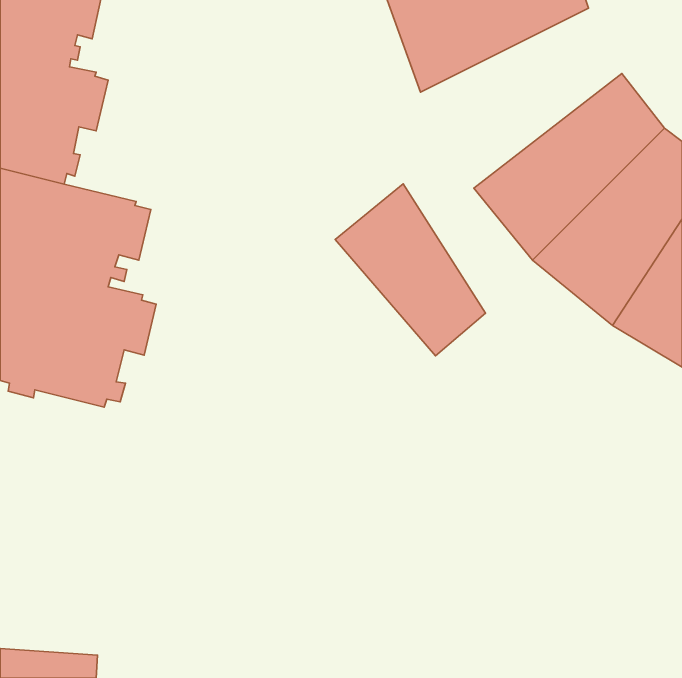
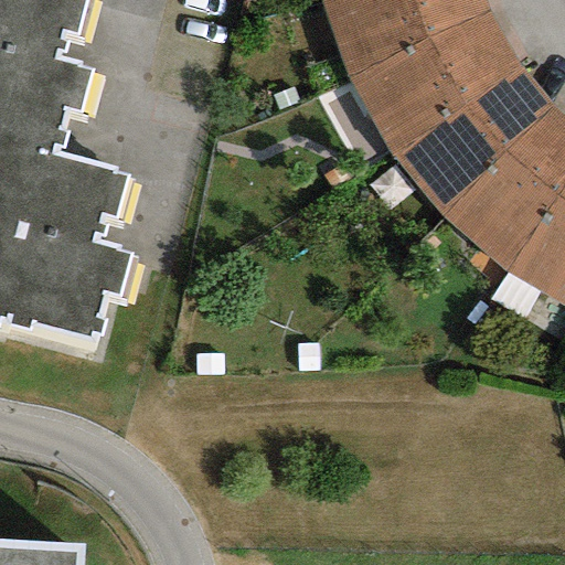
building: none -> [348,7,514,156]
building: [335,184,486,356] -> none

